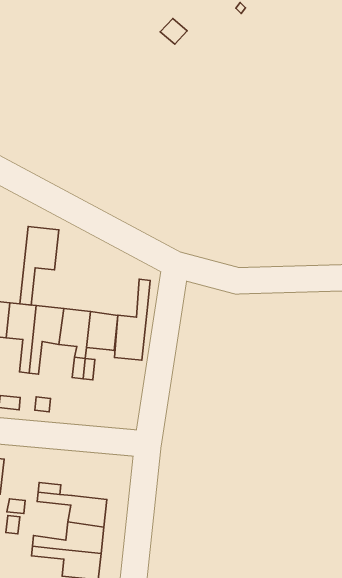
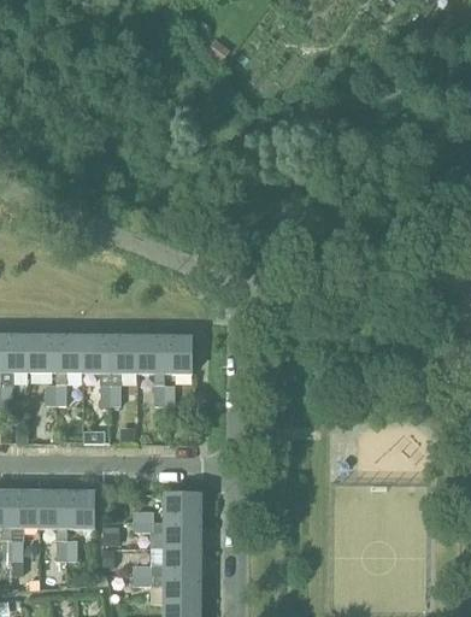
building: [20,226,59,305] -> none
building: [115,279,150,360] -> none
building: none -> [166,492,201,519]

